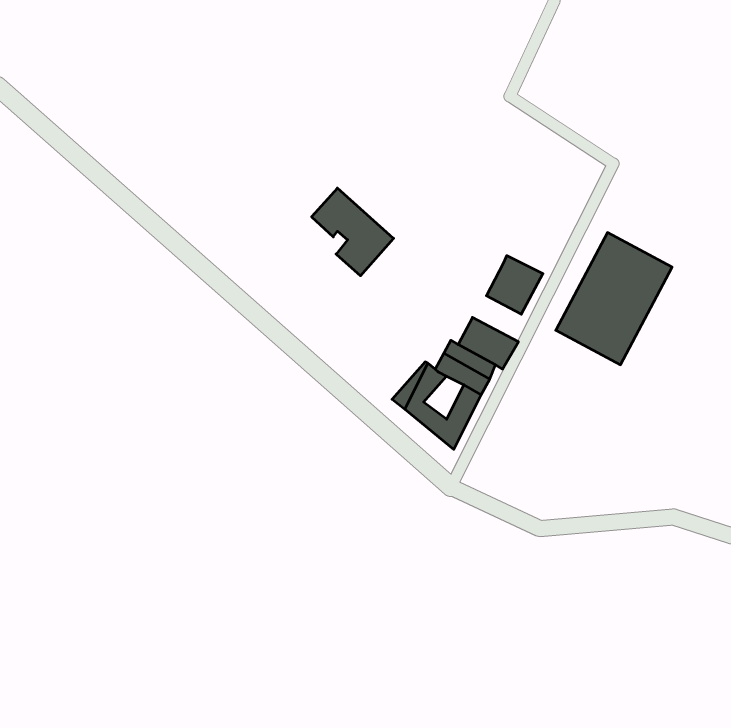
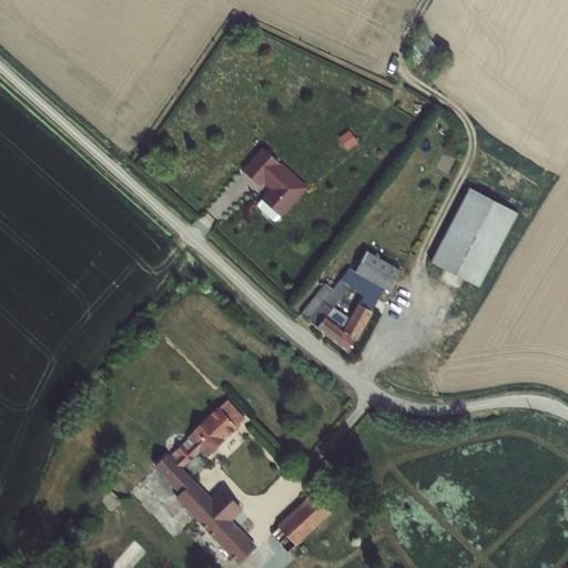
building: [486,256,543,314] -> none
building: none -> [153,398,256,562]
building: none -> [273,493,334,551]

